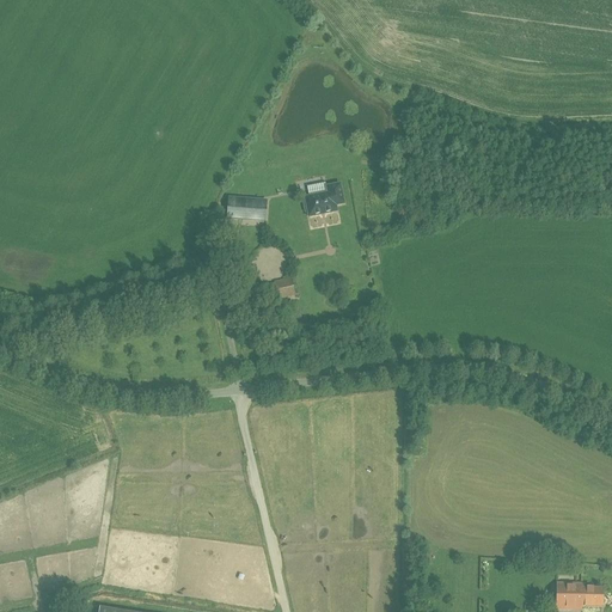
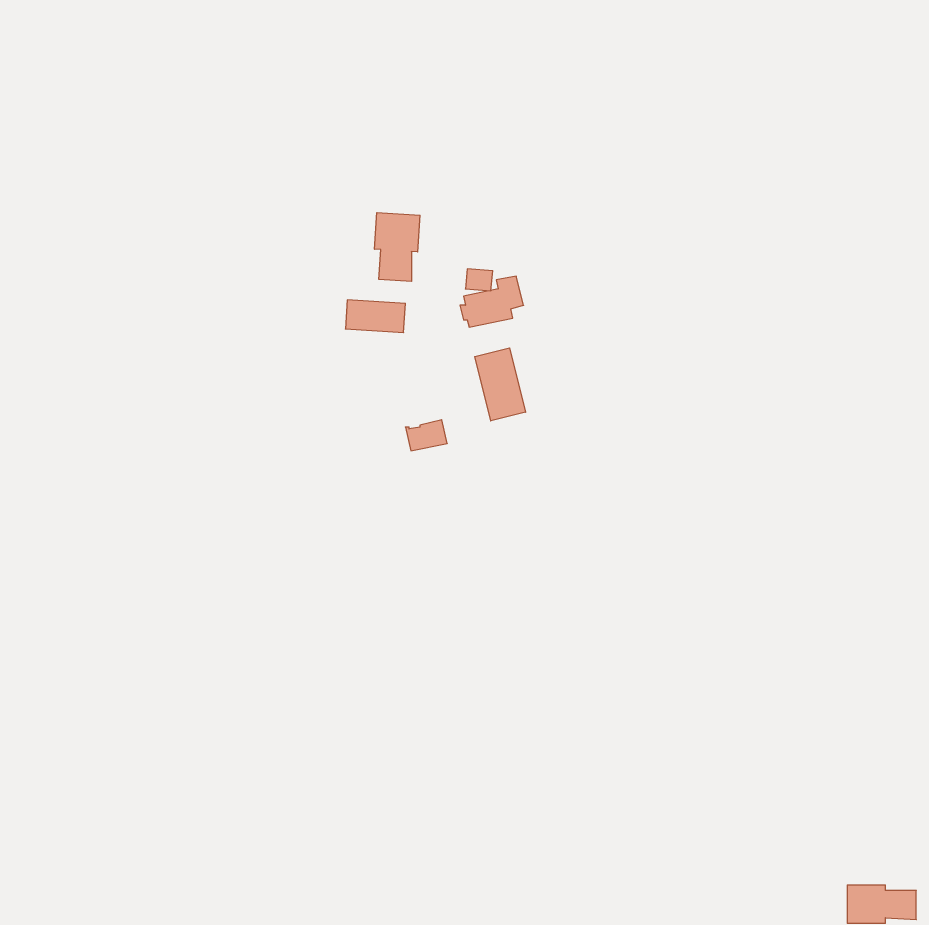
building: none -> [375,213,420,281]
building: none -> [475,348,526,421]

